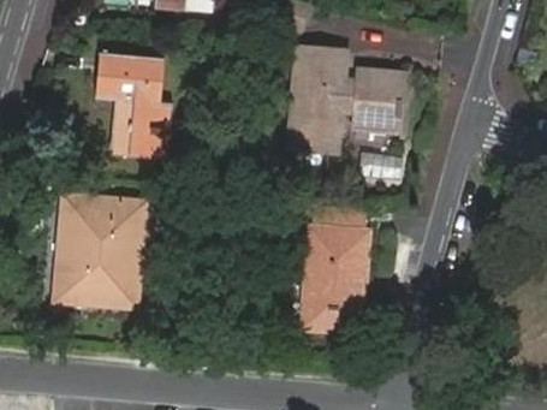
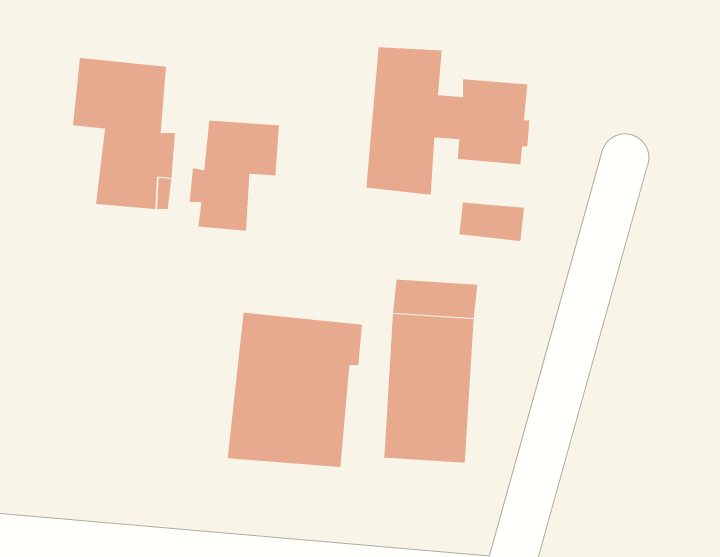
building: none -> [189,120,279,231]
building: [58,200,149,304] -> [227,312,363,468]

